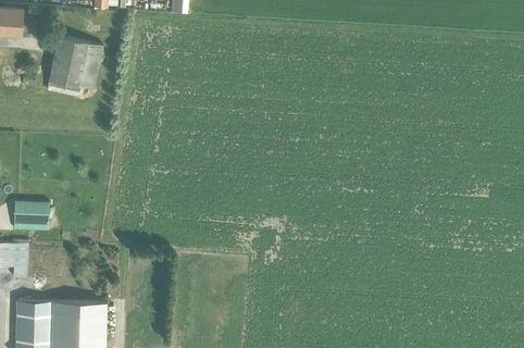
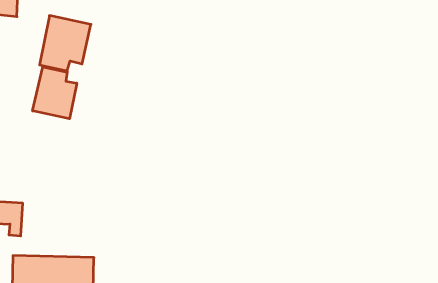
building: none -> [33,67,77,119]
building: [13,202,55,232] -> none

